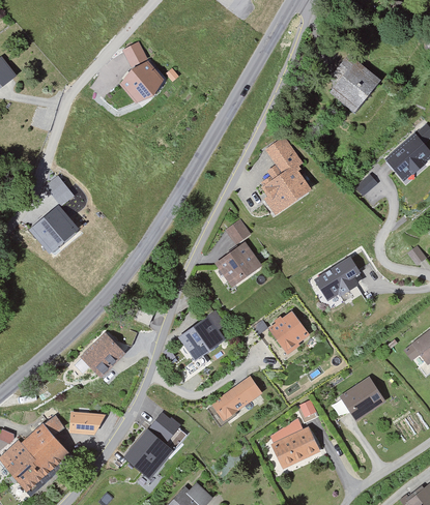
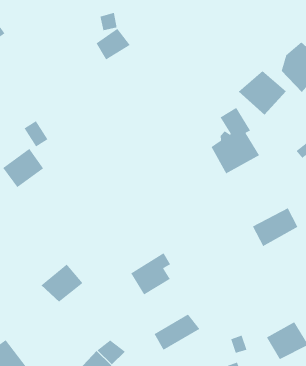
building: none -> [238,70,287,115]
building: [216,224,262,288] -> none
building: [266,310,311,355] -> none
building: [65,408,102,434] -> none

